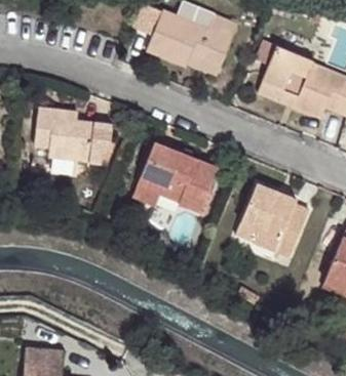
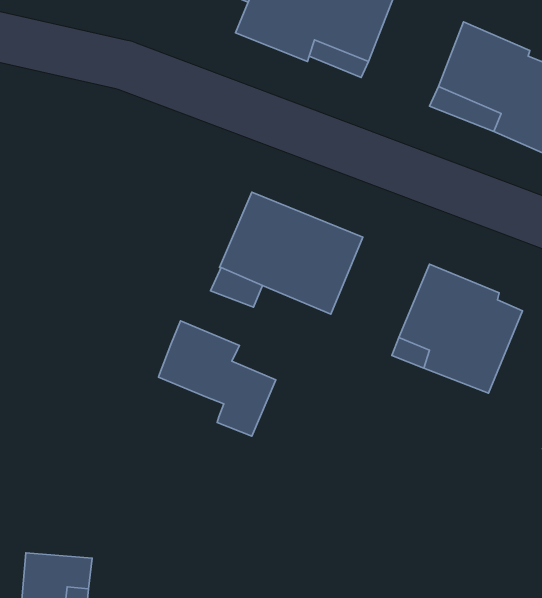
building: [34,106,114,164] -> none
building: none -> [158,321,276,436]

